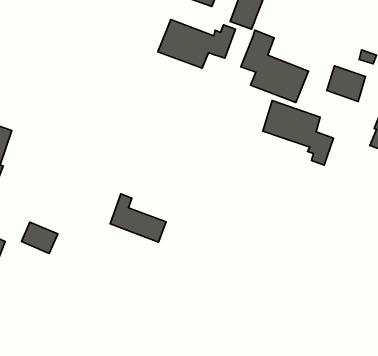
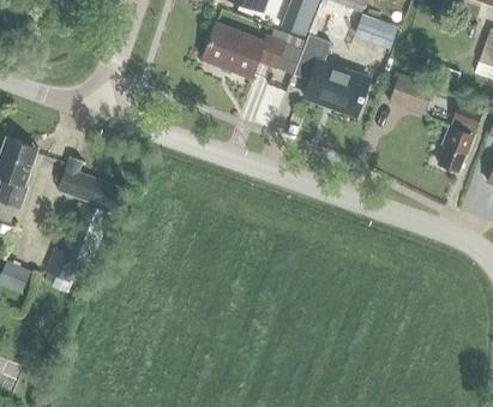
building: none -> [354,14,397,49]
building: [263,101,333,165] -> none
building: [110,194,166,242] -> [58,156,120,210]

